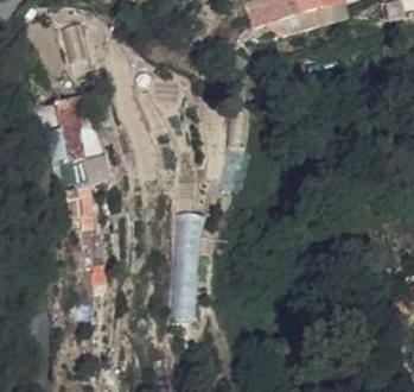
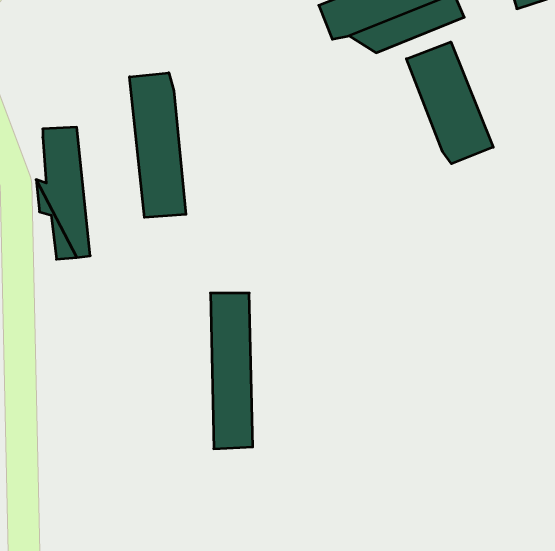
building: none -> [406,42,493,164]
building: none -> [130,73,186,217]

